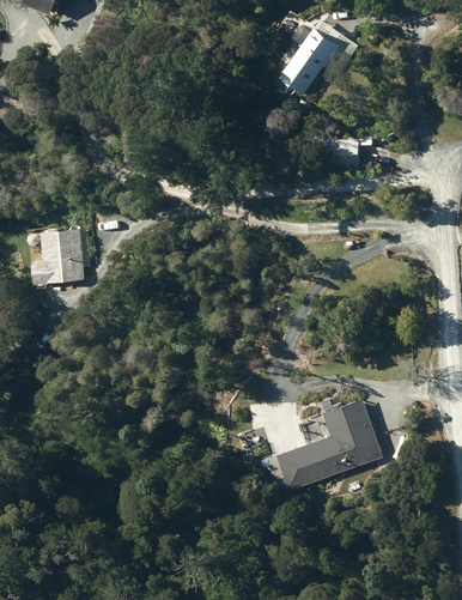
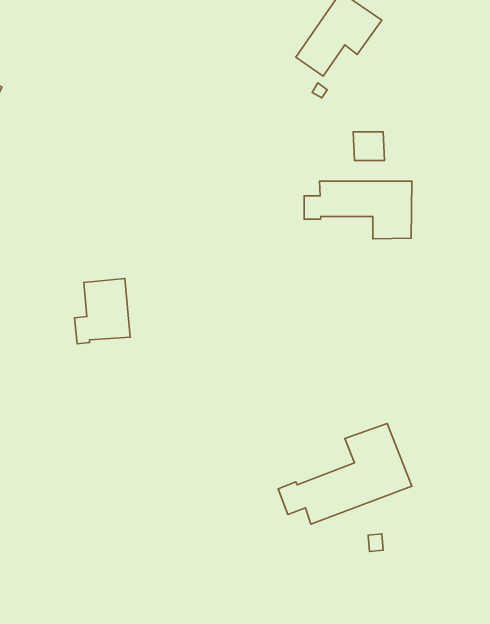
building: none -> [304,181,412,239]
building: [34,228,83,285] -> [74,278,130,344]

